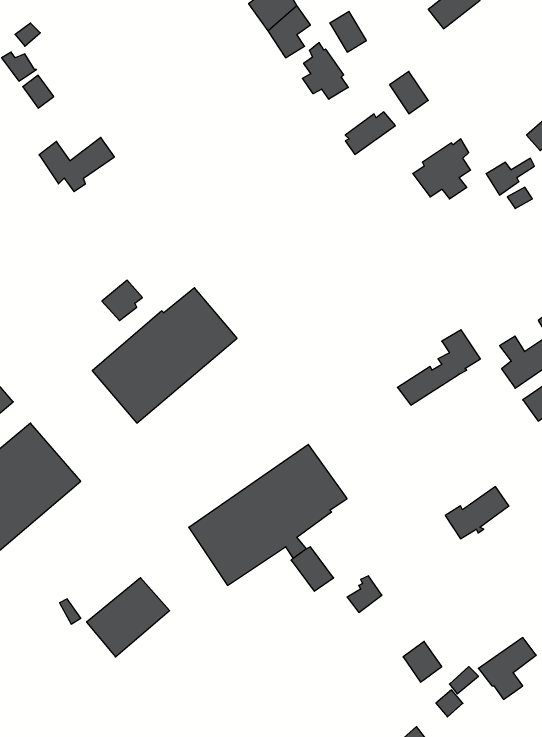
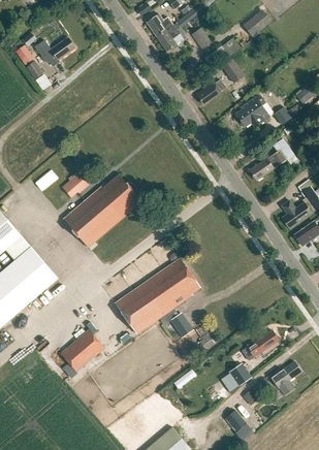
building: [302,43,348,99] -> none
building: [39,137,114,192] -> [34,37,74,66]
building: [397,330,480,405] -> [249,139,293,180]
building: [445,487,509,539] -> [246,327,280,355]

